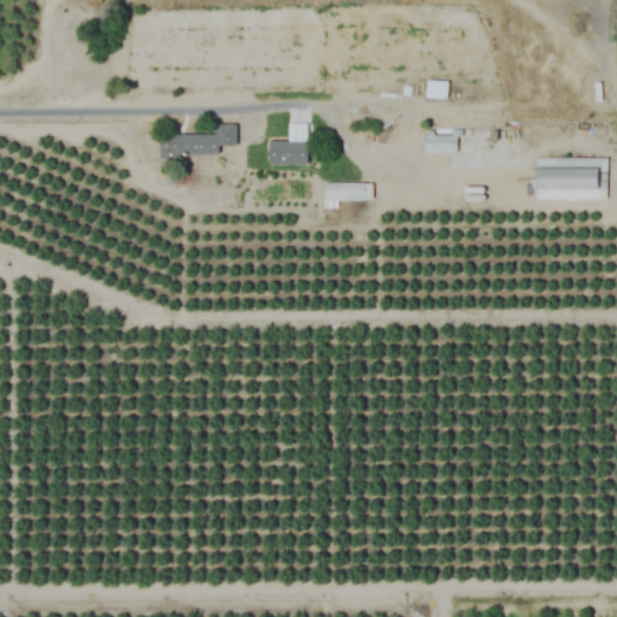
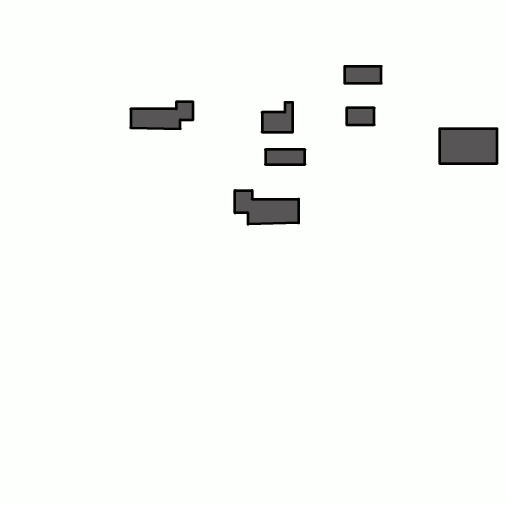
building: [270,128,307,164] -> [262,102,293,132]
building: none -> [235,190,299,224]

